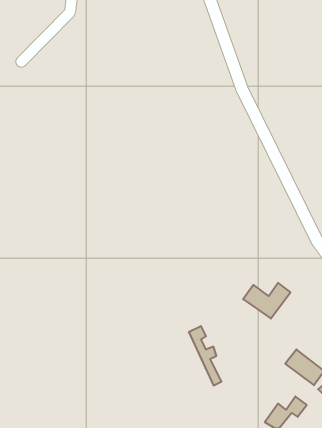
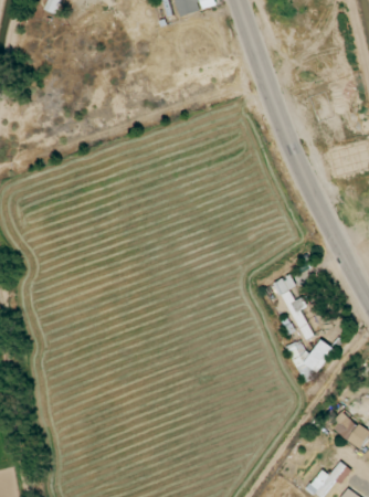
building: [189,326,222,385] -> [276,275,312,339]

